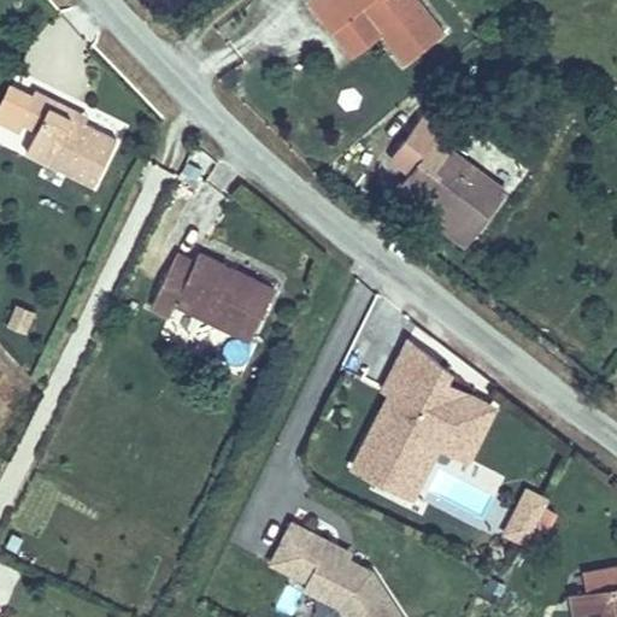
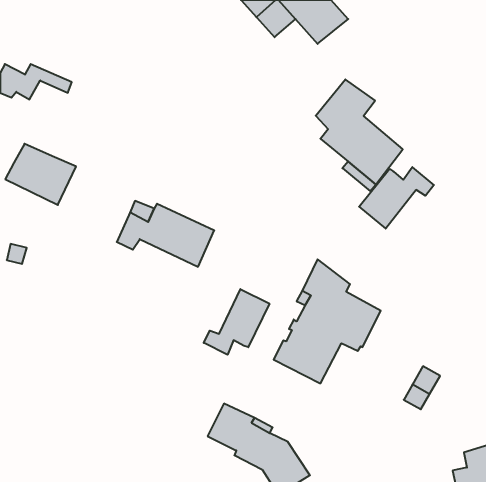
building: [30,110,119,187] -> [5,144,76,205]
building: none -> [359,167,434,229]
building: none -> [204,289,269,355]

